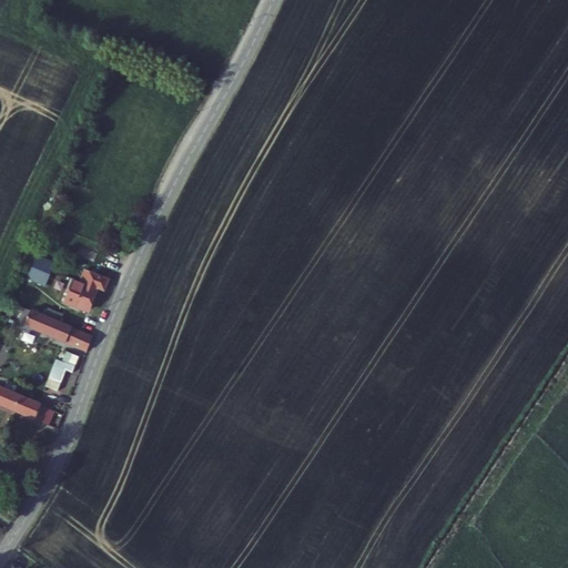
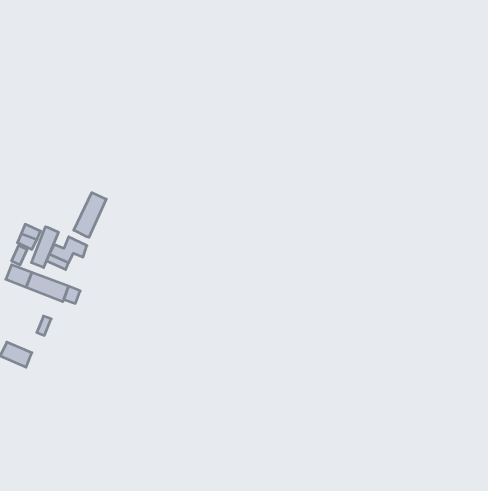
building: none -> [74,193,106,237]
building: none -> [31,227,58,268]

